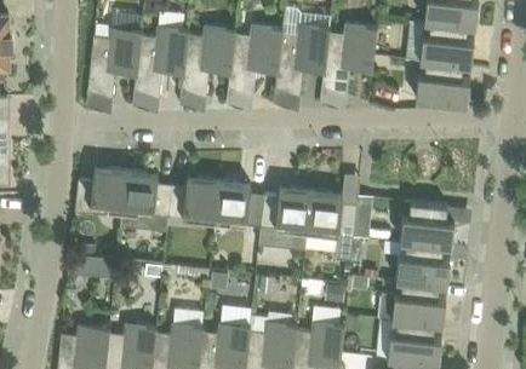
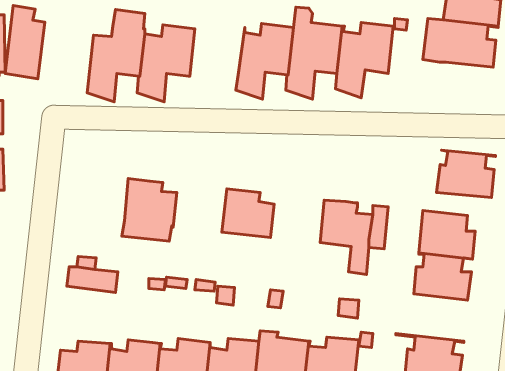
building: none -> [5,6,45,79]
building: [182,27,236,98] -> none
building: [416,62,471,106] -> [436,150,495,198]
building: [75,168,126,214] -> none
building: [168,178,219,223] -> none
building: [258,189,311,250] -> none
building: [379,281,447,325] -> none

